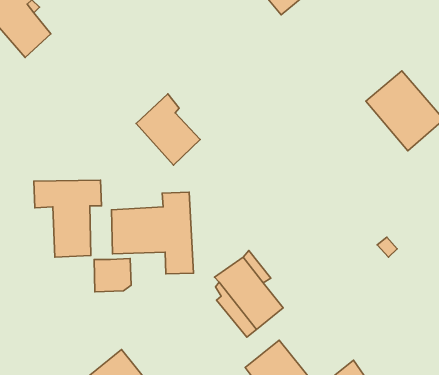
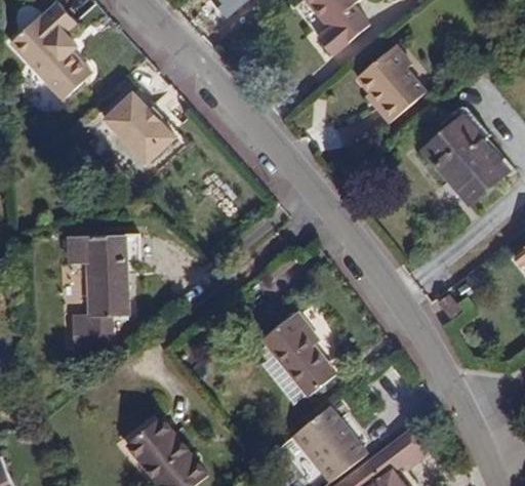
building: none -> [359,44,426,120]
building: [136,94,200,165] -> [97,94,166,171]
building: [111,192,194,274] -> none
building: [94,259,131,292] -> [72,315,112,351]

